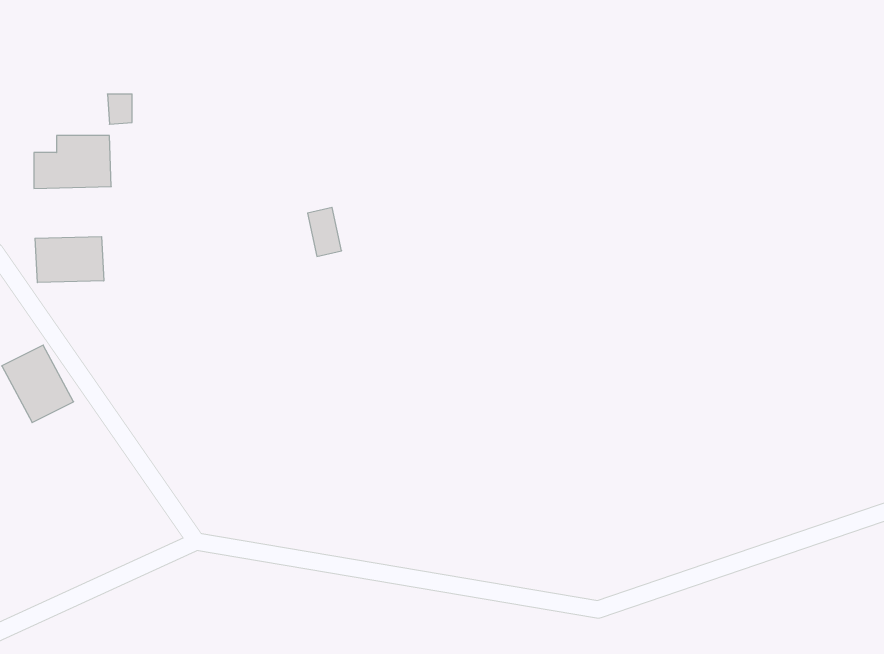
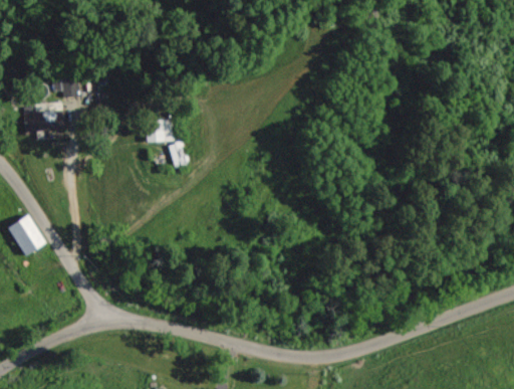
building: none -> [147,121,174,142]
building: [35,237,104,283] -> none

